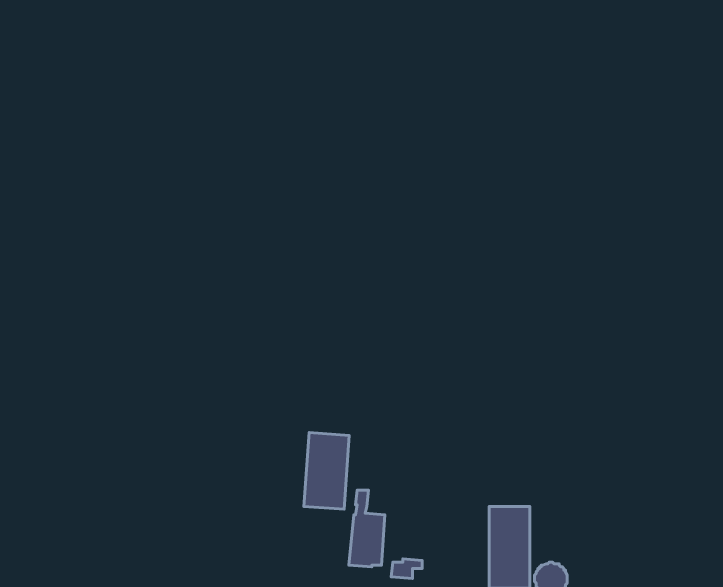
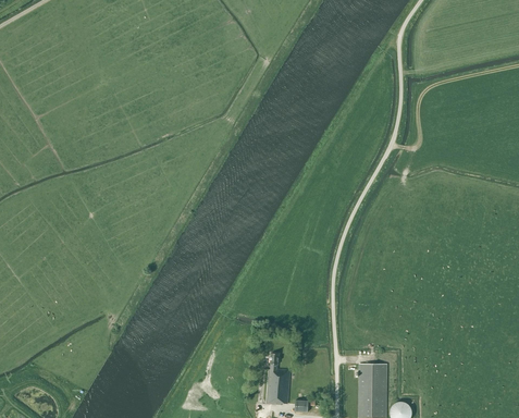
building: [304,433,349,509] -> none

